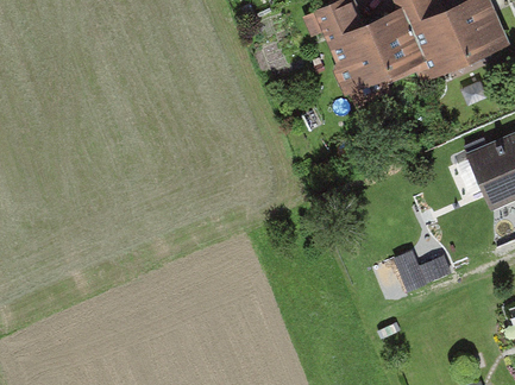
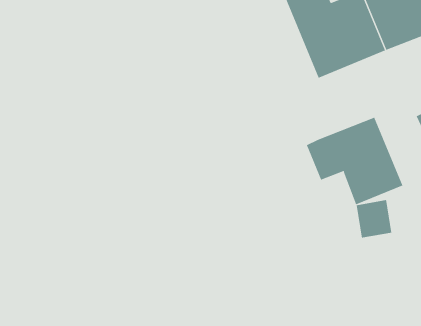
building: none -> [306,117,403,205]

